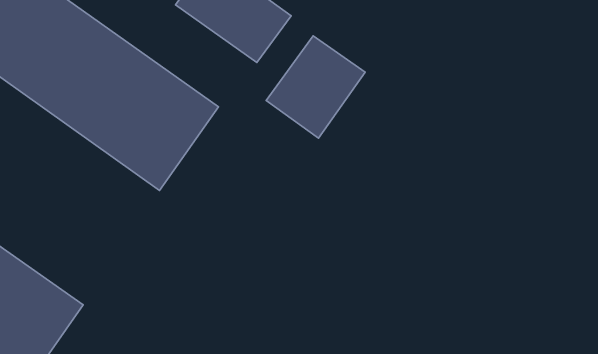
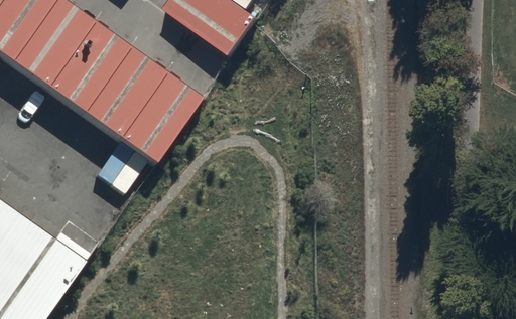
building: [266,36,365,138] -> none

